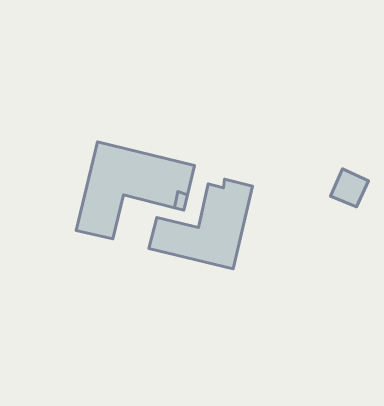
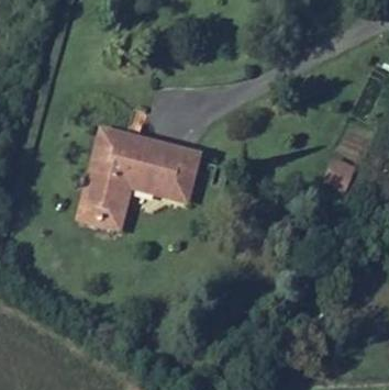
building: [149,179,253,269] -> none

